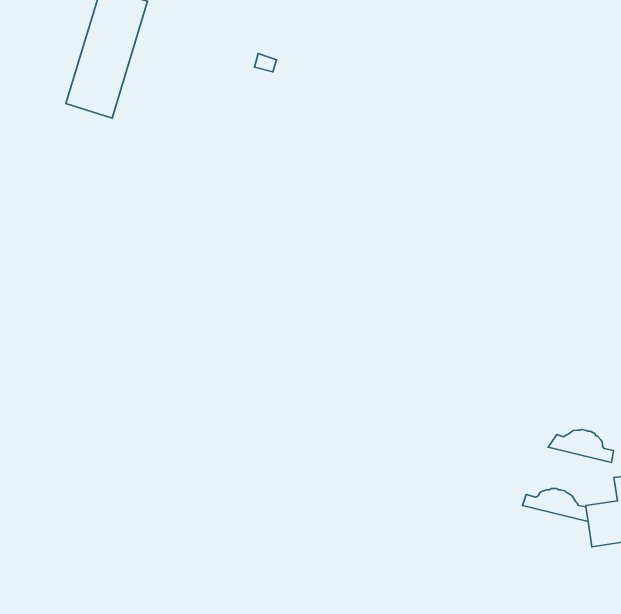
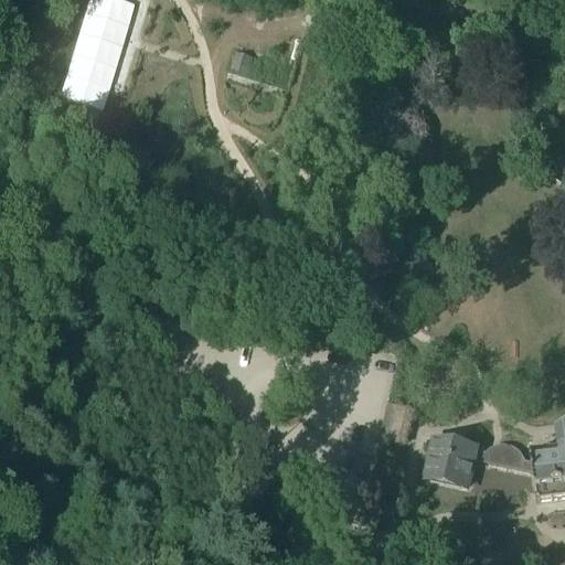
building: [548,429,614,462] -> none
building: none -> [426,438,478,483]

